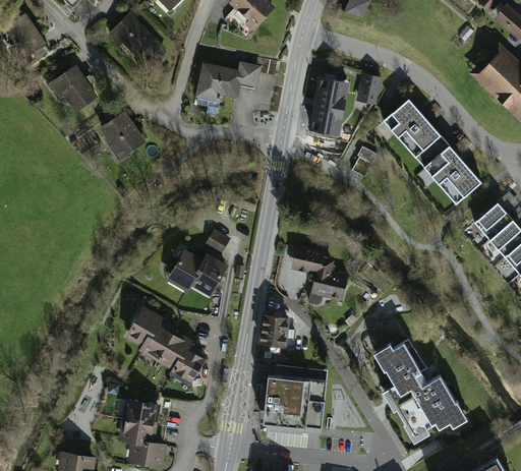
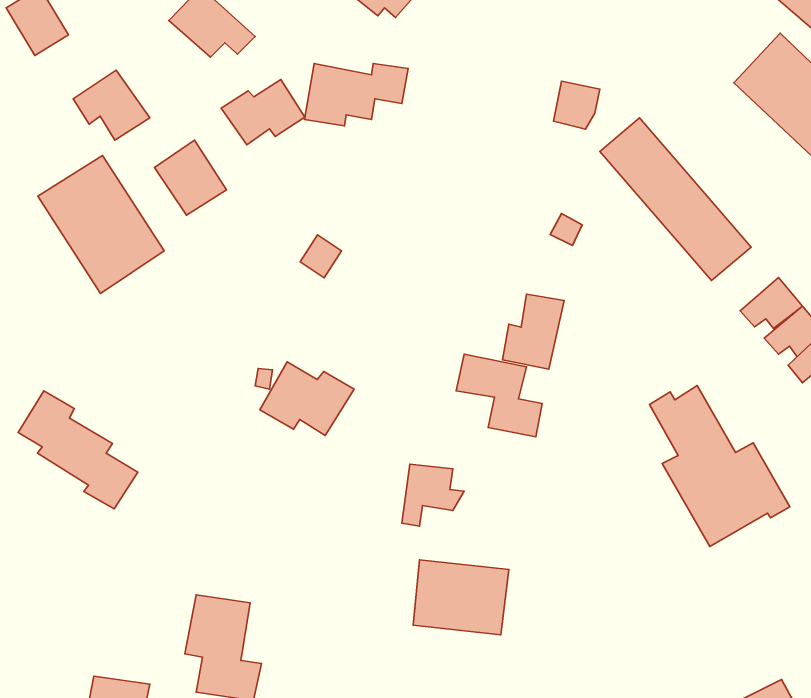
building: none -> [221,79,305,145]
building: [309,76,348,133] -> none
building: none -> [38,155,164,293]
building: none -> [502,294,564,369]
building: [205,231,231,258] -> [300,235,342,278]
building: [126,310,202,386] -> [18,391,138,509]
building: [374,343,464,446] -> [649,385,790,547]

